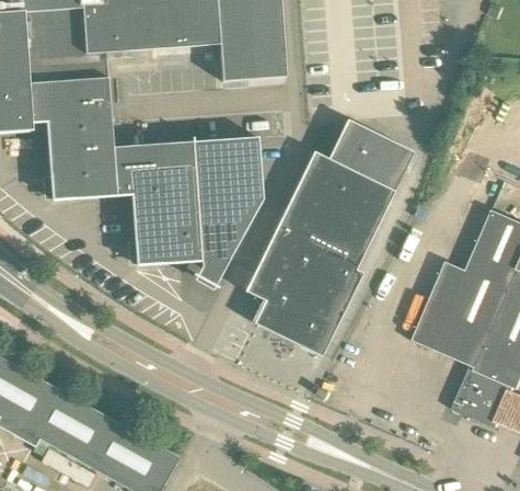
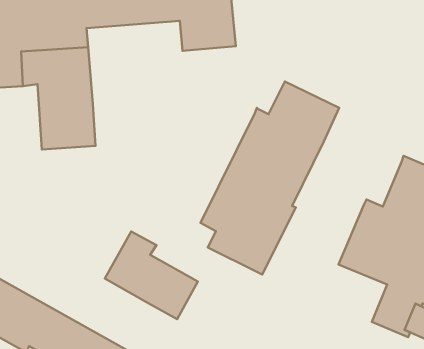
building: [115,136,264,277] -> none
building: none -> [105,231,198,319]

